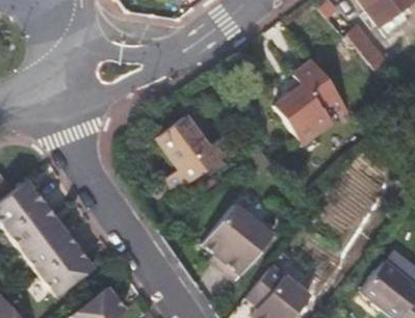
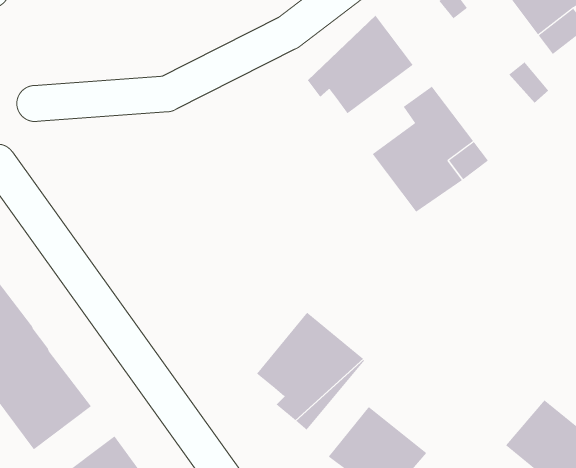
building: none -> [307,15,413,114]
building: [152,109,224,187] -> none

